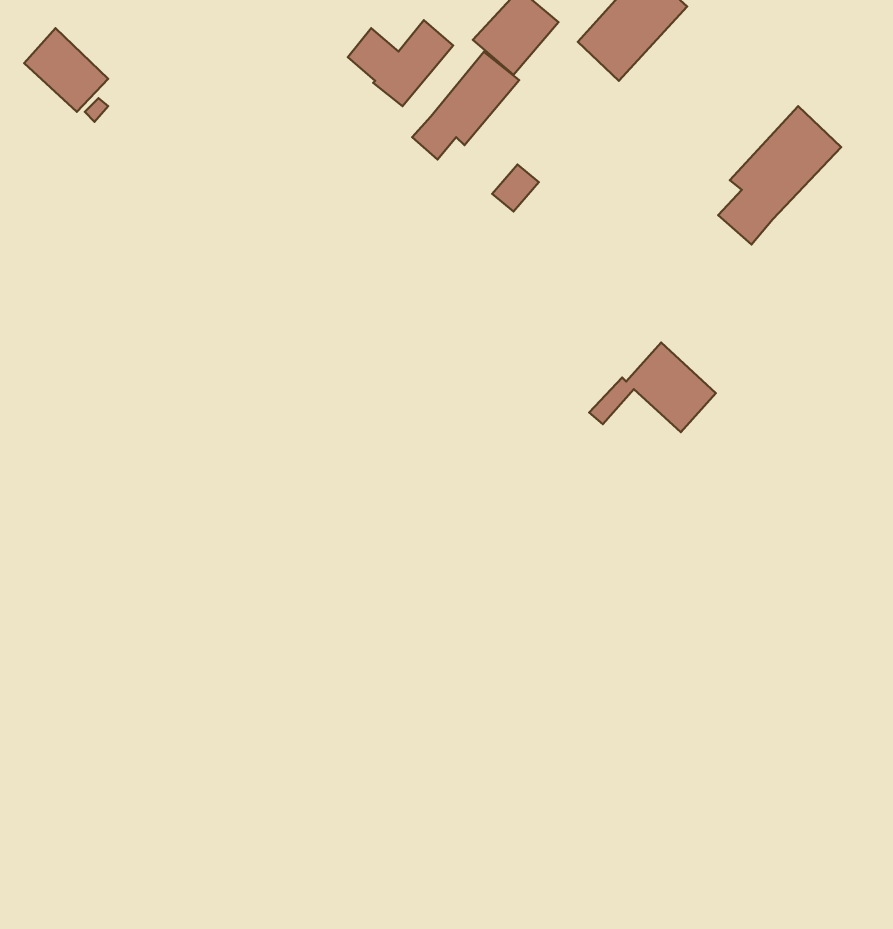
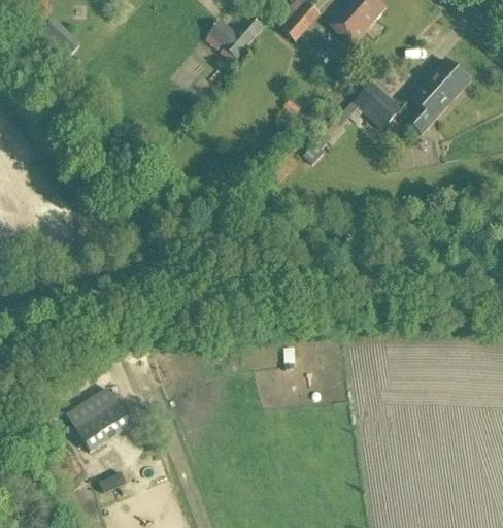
building: [412,52,519,159] -> none
building: [589,342,716,432] -> [336,80,403,128]
building: none -> [67,388,134,454]

